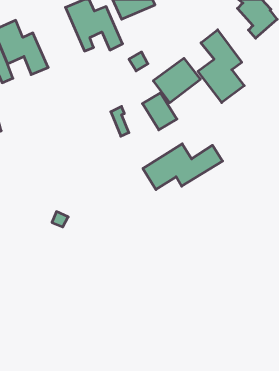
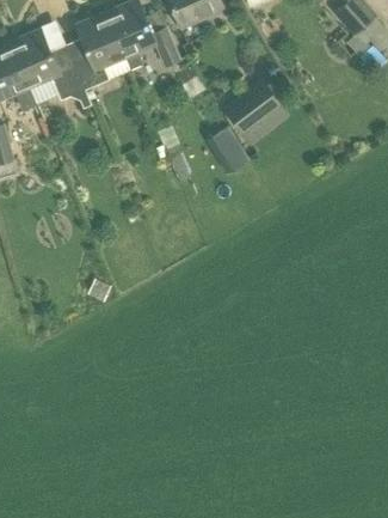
building: none -> [62,12,130,91]
building: [198,30,244,103] -> none
building: [143,144,223,190] -> none

